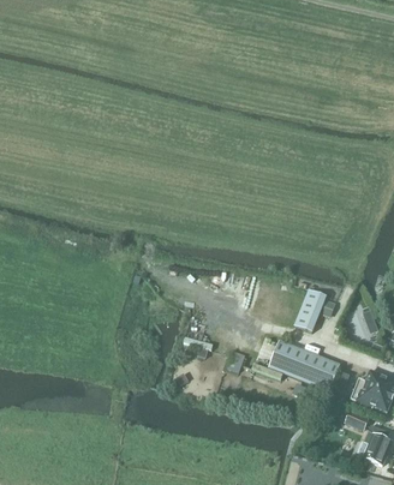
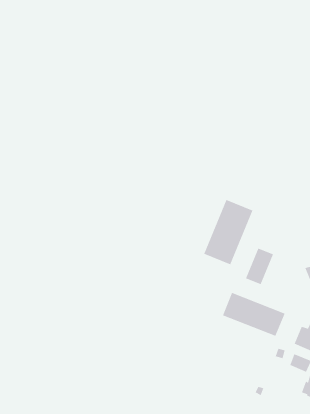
building: none -> [203,199,253,265]

